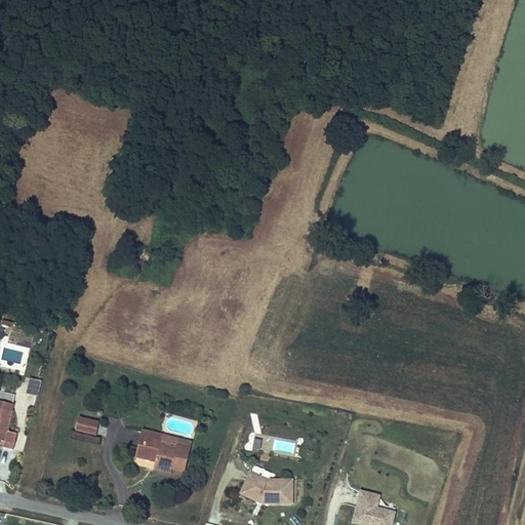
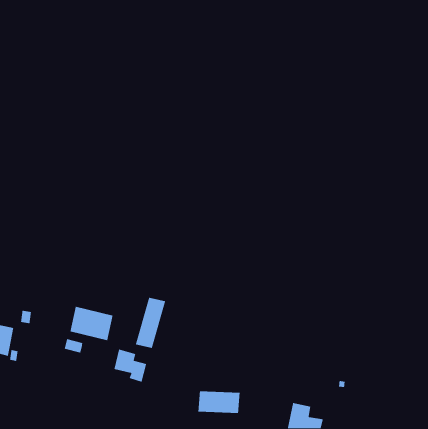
building: none -> [135,297,166,349]
building: none -> [70,306,113,341]

